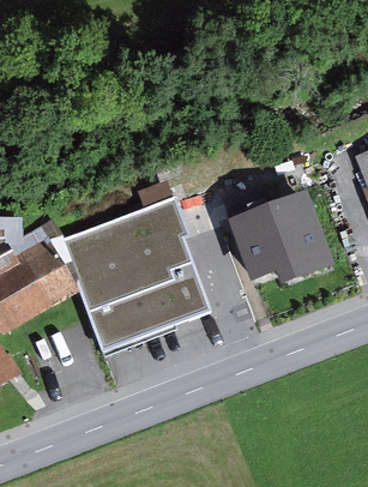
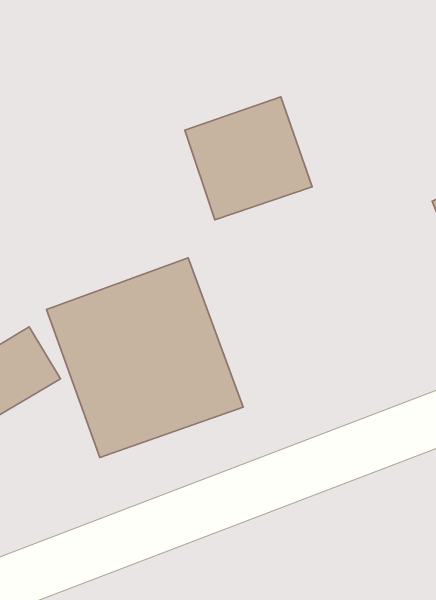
building: [237,198,334,291] -> [185,97,312,220]

